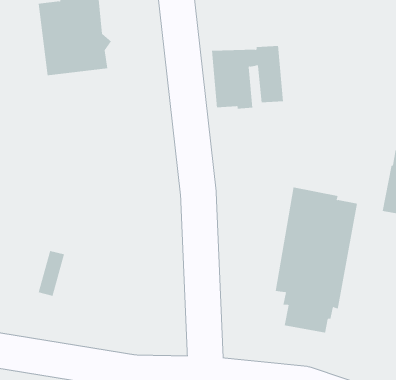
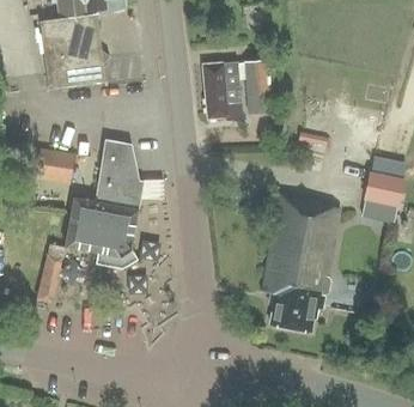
building: none -> [63,140,140,257]
building: none -> [32,147,73,184]

